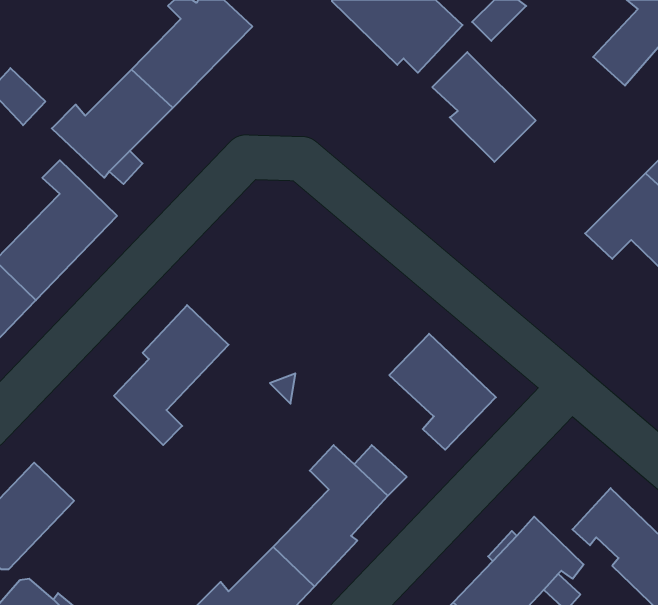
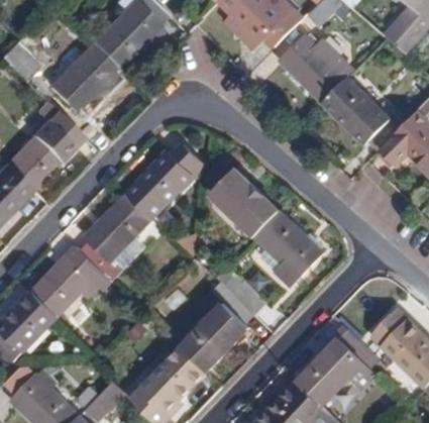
building: none -> [321,77,404,149]
building: none -> [126,145,204,219]
building: none -> [204,160,280,238]
building: none -> [29,247,111,318]

